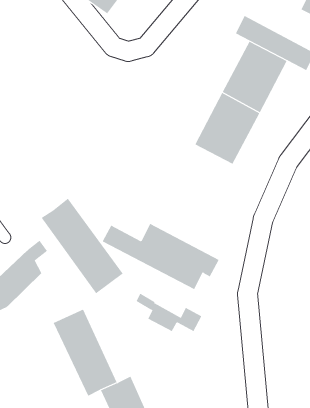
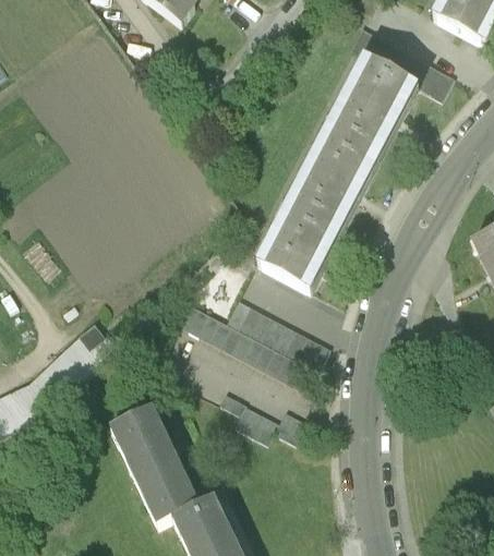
building: none -> [258,195,345,289]
building: [41,198,124,294] -> none

